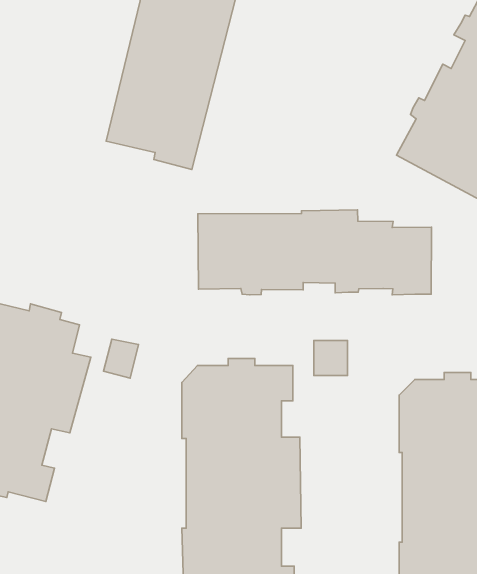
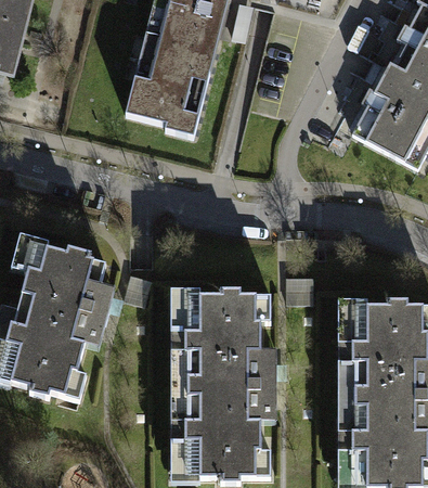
building: [198,210,431,295] -> none

